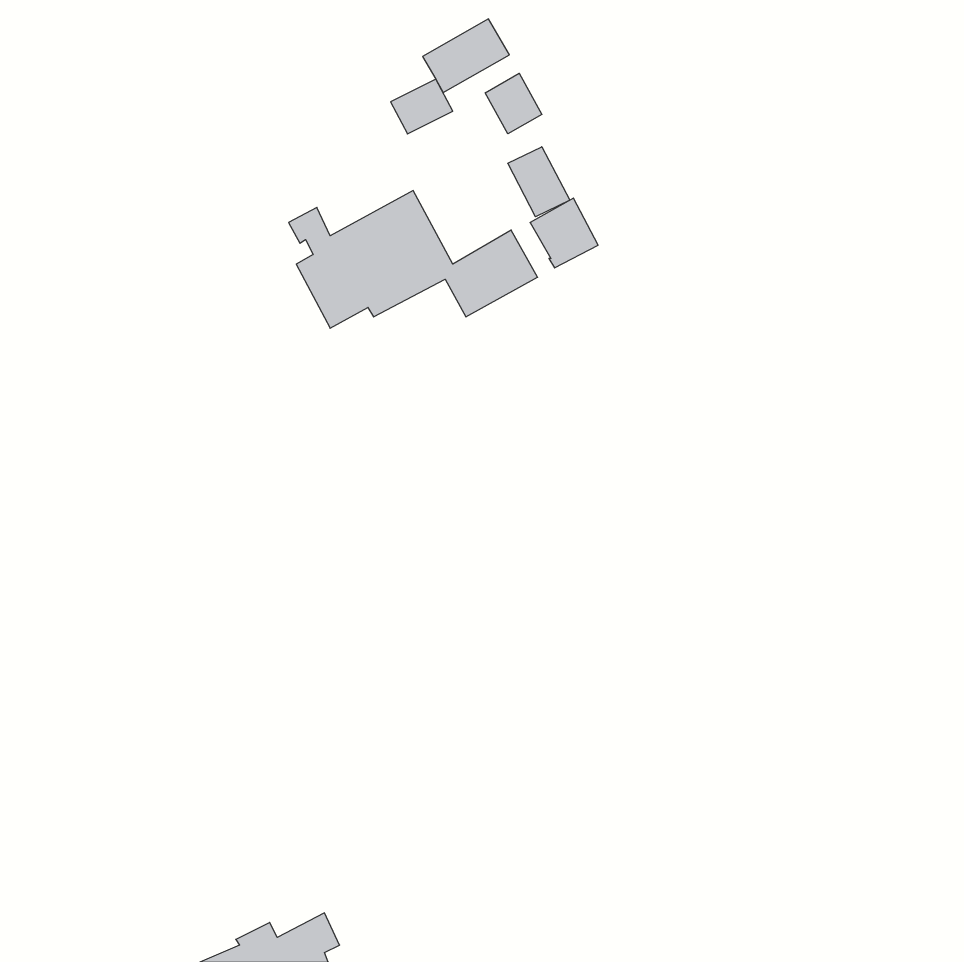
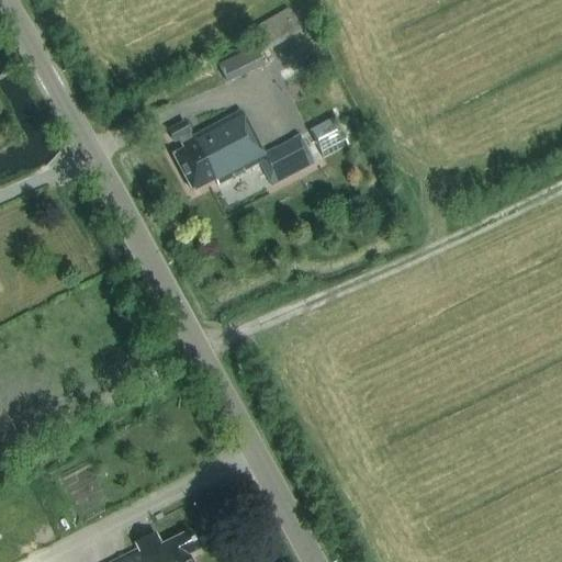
building: [485,73,542,134] -> none
building: [508,147,570,217] -> none

